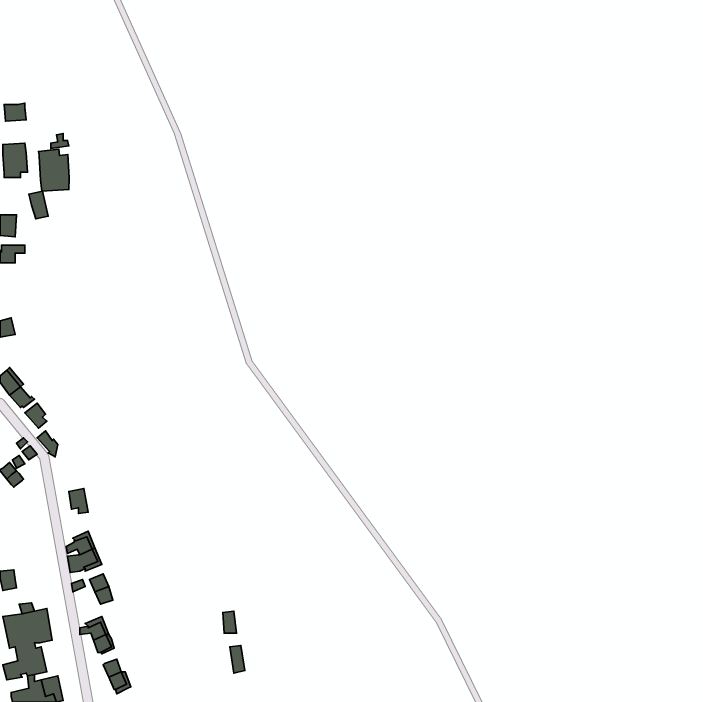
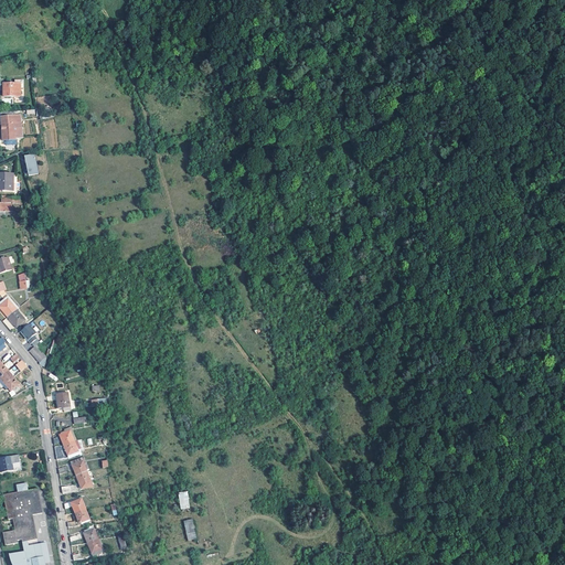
building: [39,149,69,191] -> none

